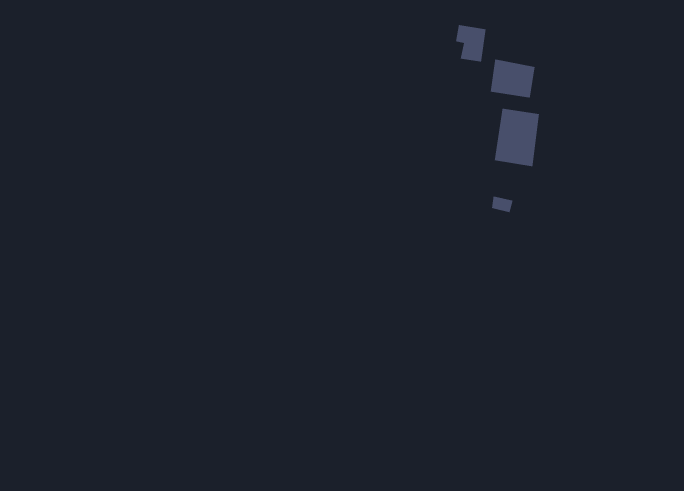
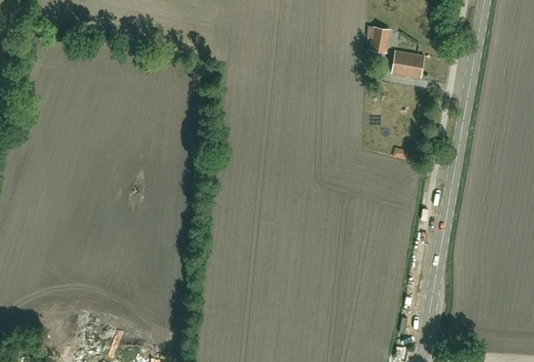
building: [494,108,539,167] -> none

